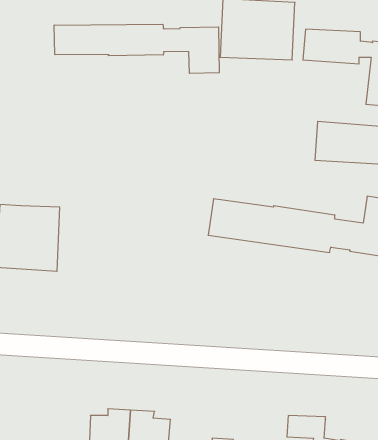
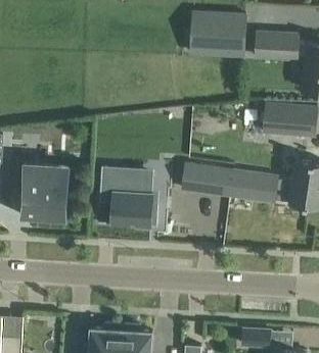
building: [54,24,219,73] -> none
building: none -> [100,165,158,225]

